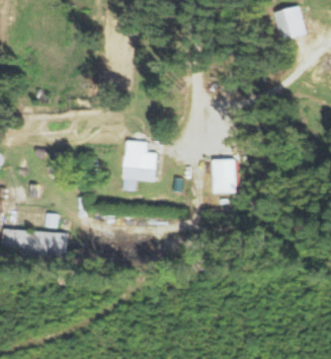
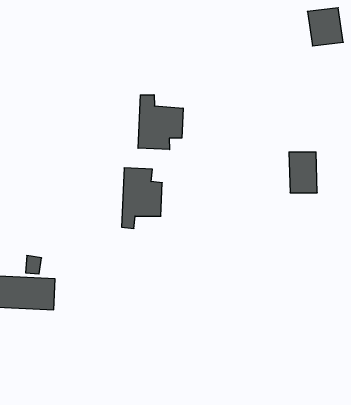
building: none -> [138,95,183,150]
building: [214,158,237,192] -> [289,152,317,193]

